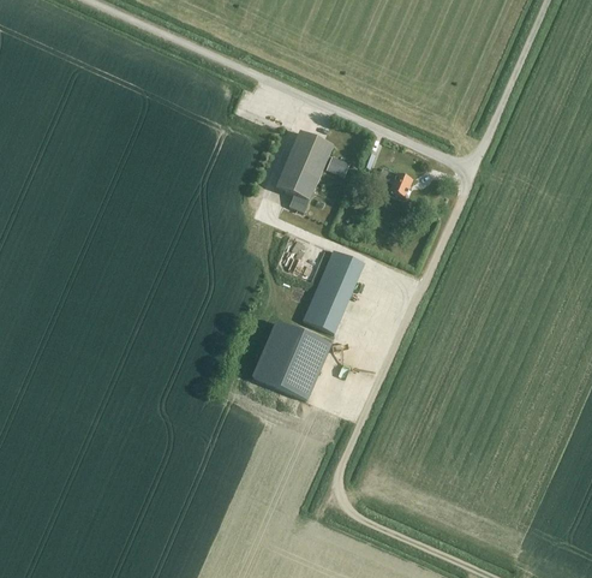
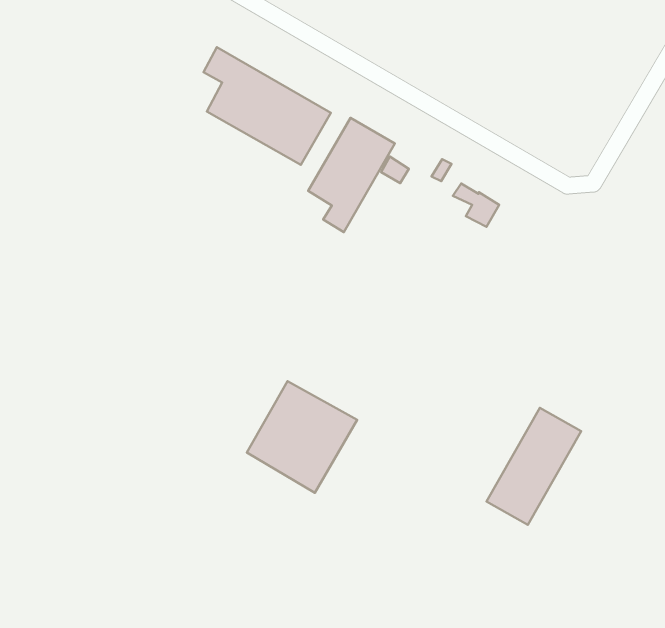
building: none -> [203,47,331,165]
building: [304,249,365,333] -> [487,408,581,525]

